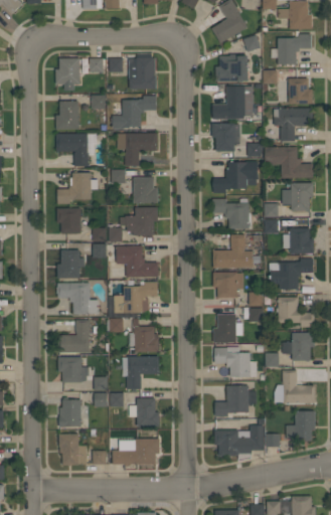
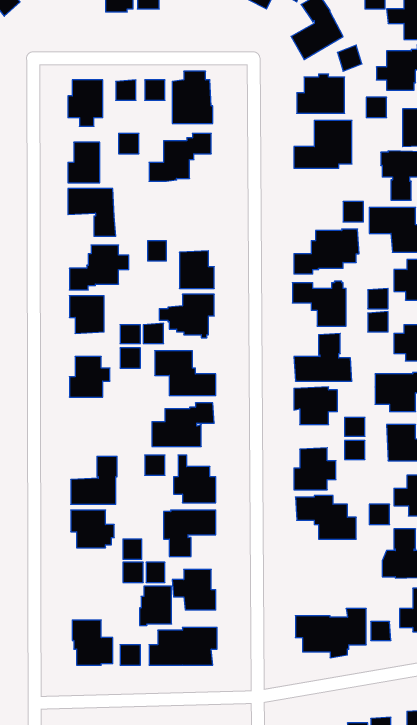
building: [212,124,240,152] -> none
building: [118,133,158,166] -> none
building: [56,283,100,315] -> none
building: [215,385,257,416] -> none
building: [59,400,81,427] -> [140,586,172,625]

